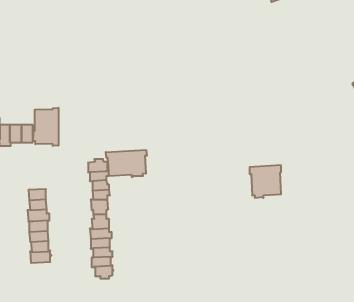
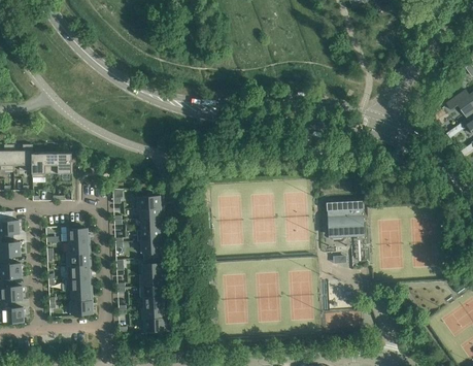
building: [33,108,58,146] -> none
building: [106,150,147,177] -> none

